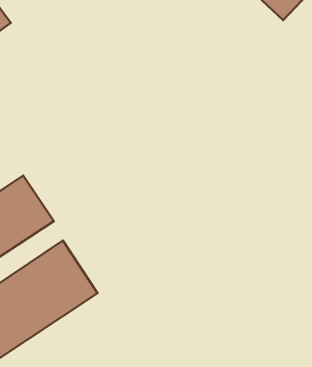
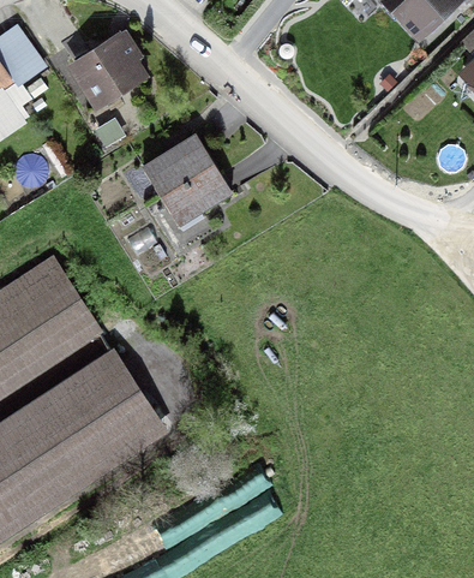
building: none -> [78,34,150,101]
building: none -> [139,130,226,219]

